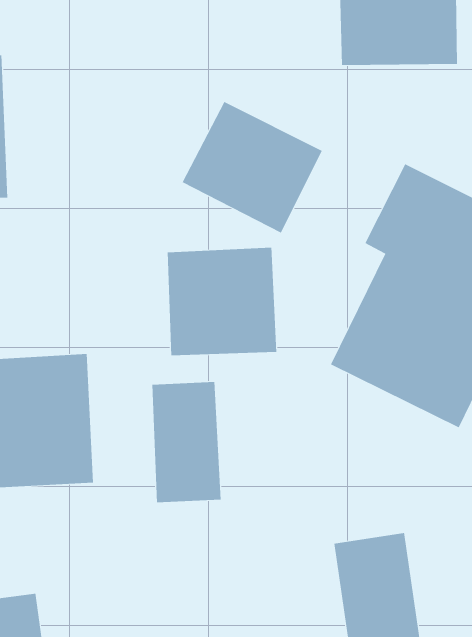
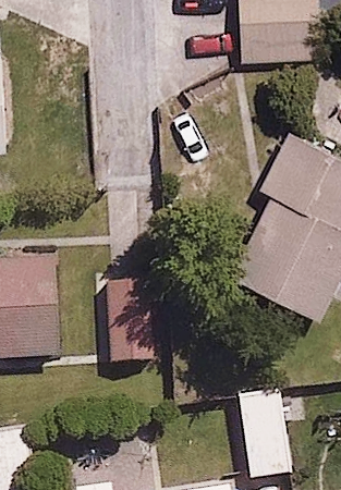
building: [182,101,322,233] -> none
building: [167,247,277,356] -> none

